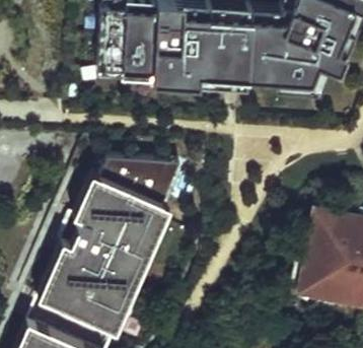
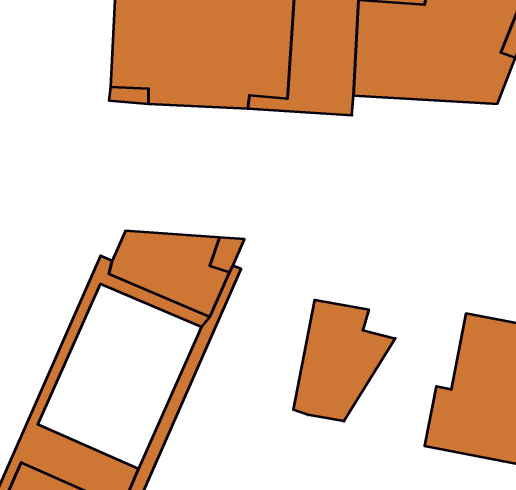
building: [56,192,156,305] -> none
building: none -> [293,300,395,421]

